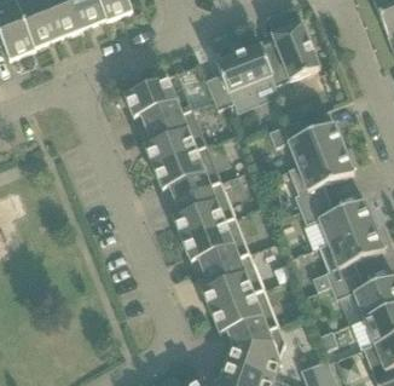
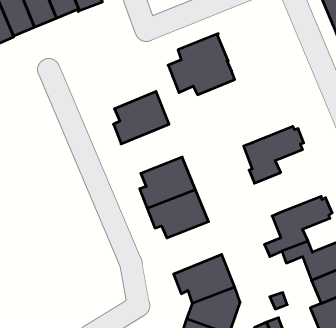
building: [259,22,319,85] -> none
building: [123,71,191,127] -> none
building: [268,120,342,165] -> none
building: [152,144,220,198] -> none
building: [300,197,373,242] -> none
building: [201,252,263,310] -> none

